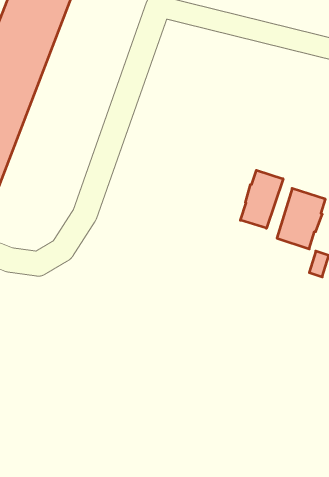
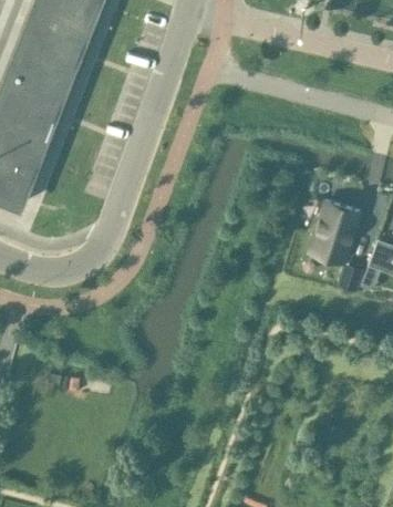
building: [240,170,283,228] -> none

